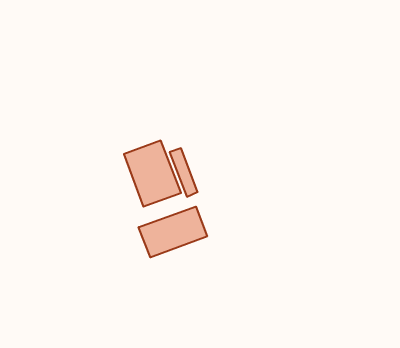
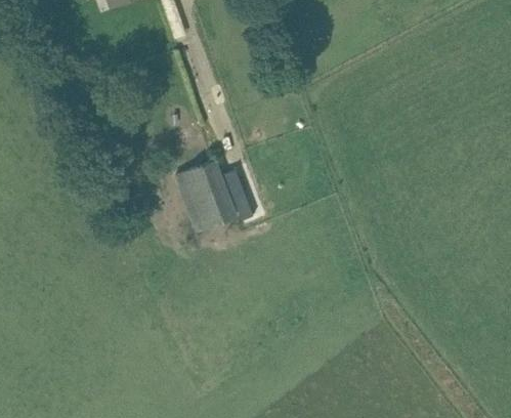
building: [139,207,207,257] -> none

